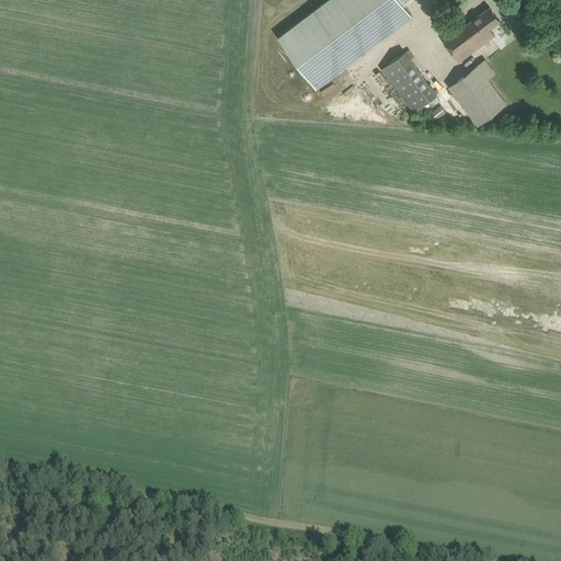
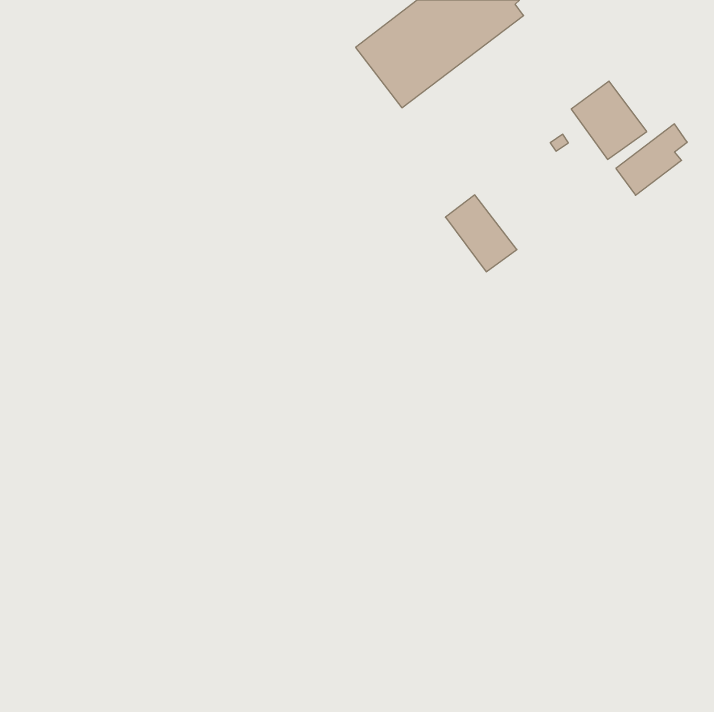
building: [443,8,499,64] -> [616,124,687,195]
building: [380,53,436,113] -> [445,195,517,272]

